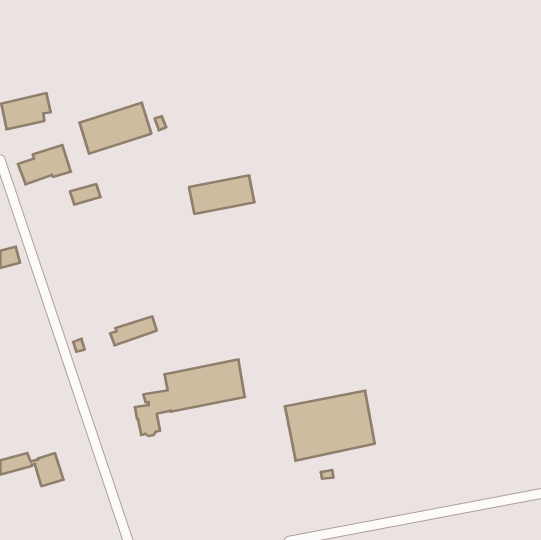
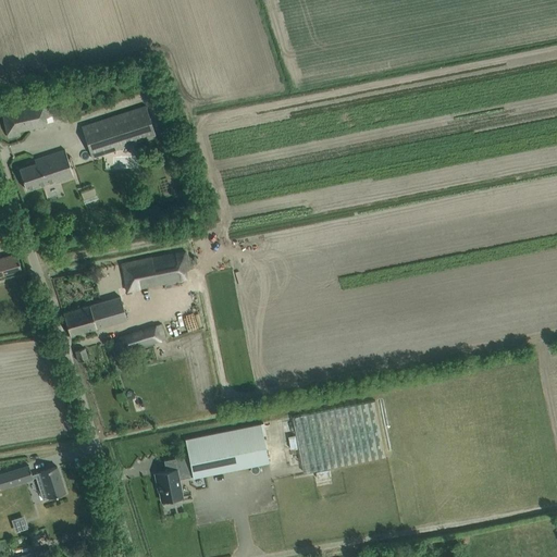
building: [189,176,255,214] -> [122,252,189,292]
building: none -> [63,297,126,336]
building: [135,360,245,436] -> [154,425,268,504]

